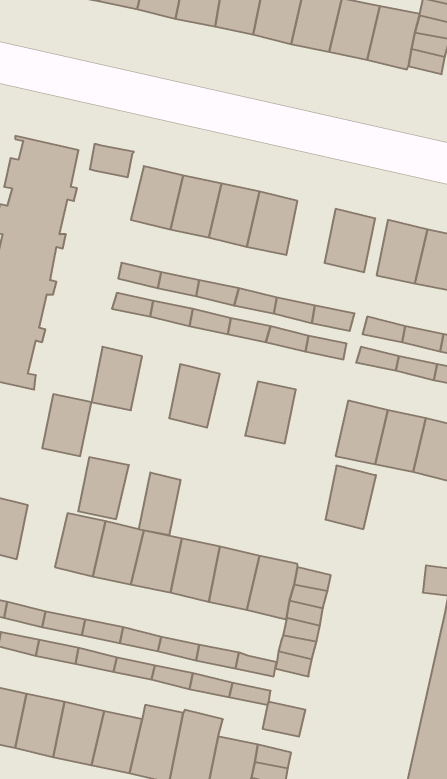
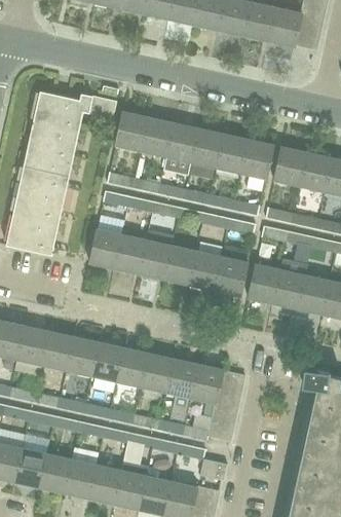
building: none -> [215,133,247,173]
building: none -> [163,245,196,285]
building: [42,394,91,456] -> [114,233,146,273]
building: [78,457,129,519] -> [40,330,73,370]
building: [325,466,376,529] -> [214,255,247,296]
building: [139,472,180,535] -> none

